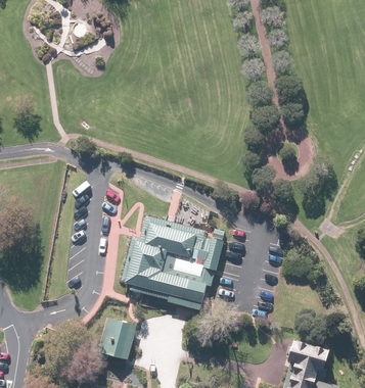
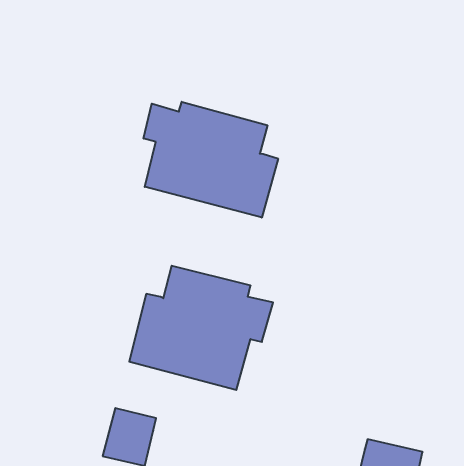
building: none -> [144,102,278,218]

